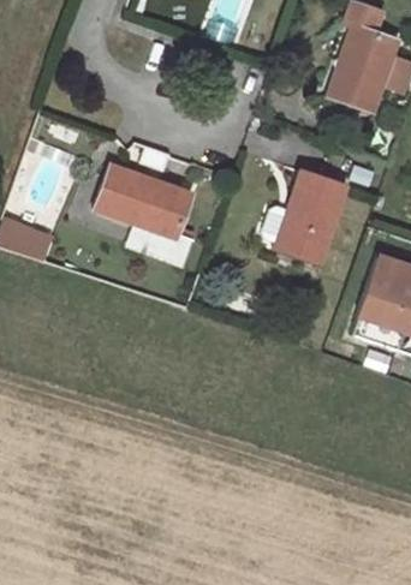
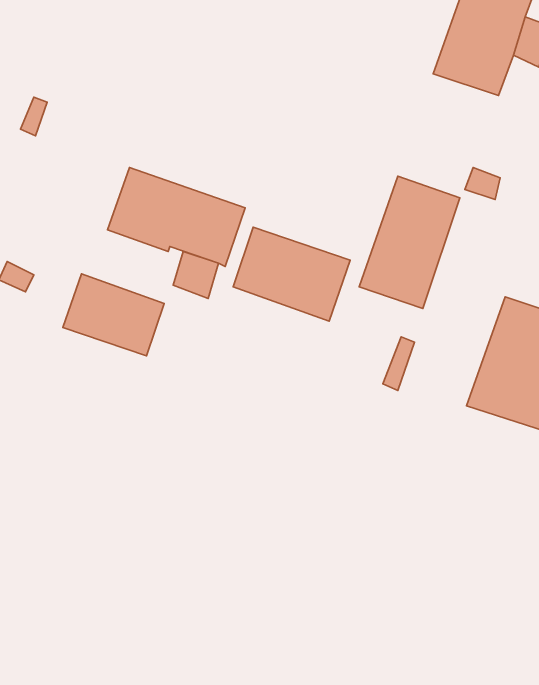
building: none -> [233,227,350,321]
building: none -> [63,274,164,356]

